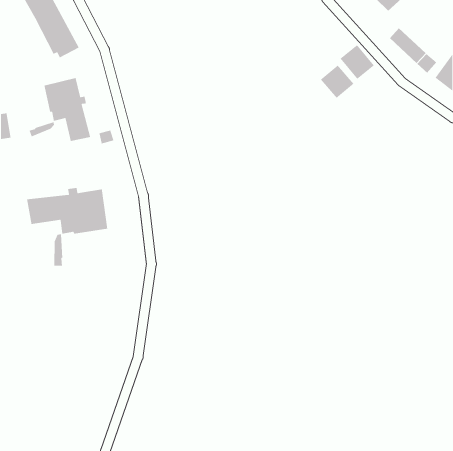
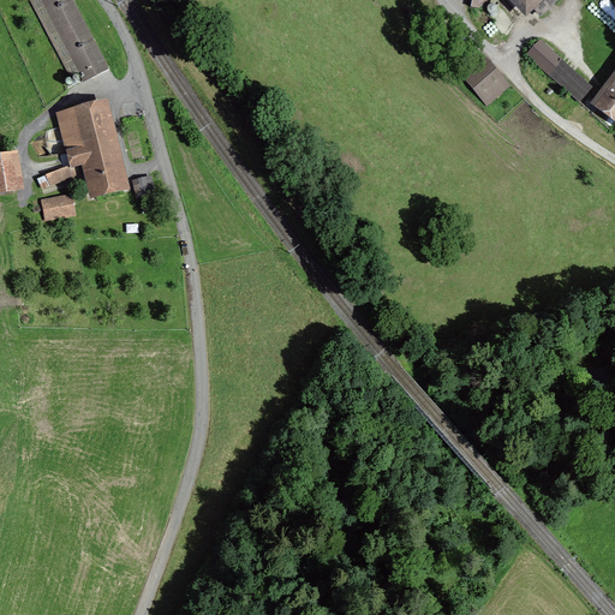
building: [320,64,355,99] -> none
building: none -> [42,193,73,219]
building: [26,187,108,267] -> none

